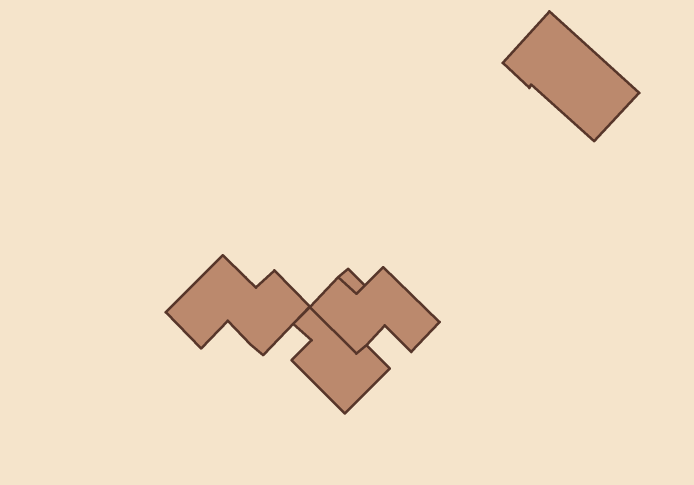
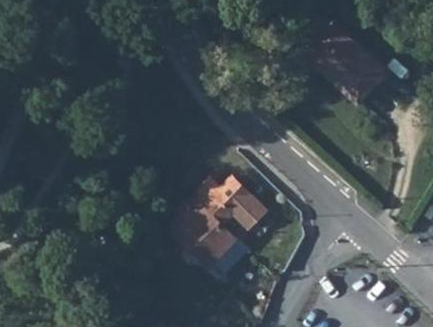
building: [166,255,310,355] -> none

